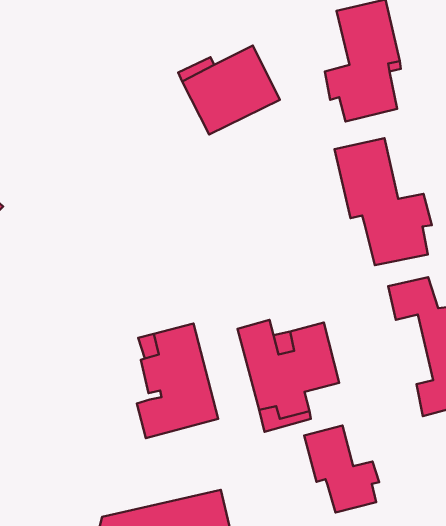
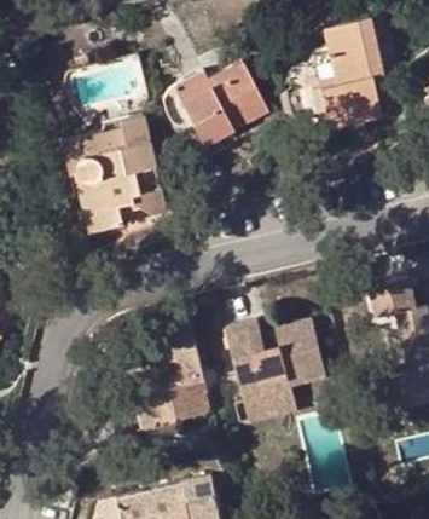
building: none -> [64,116,166,233]
building: [335,138,432,265] -> none
building: [304,425,379,512] -> none

